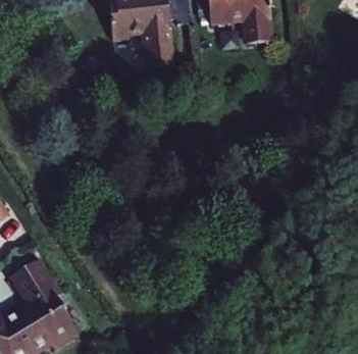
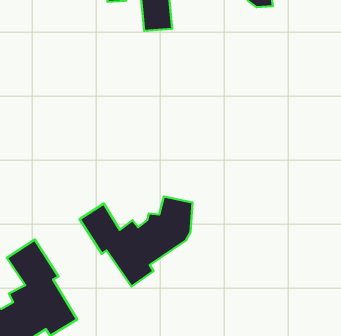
building: none -> [80,197,193,287]

